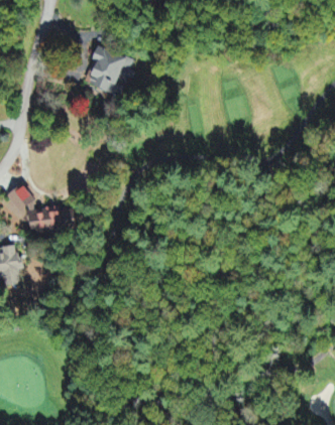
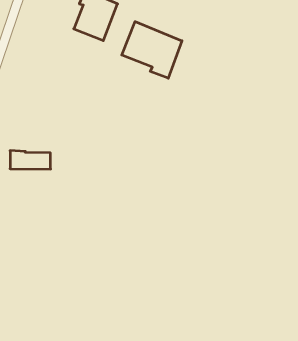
building: none -> [122,22,182,78]

